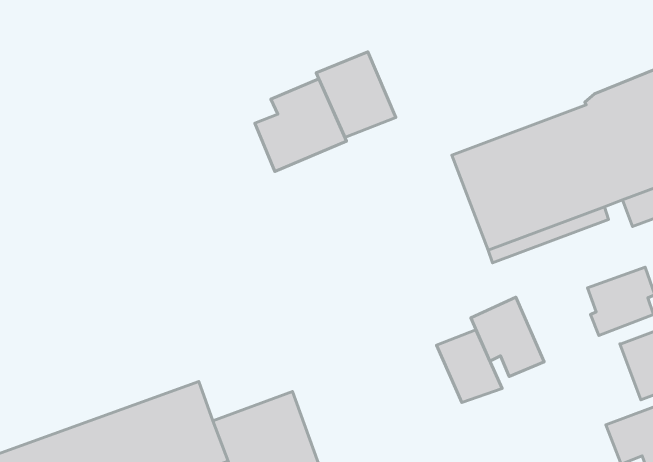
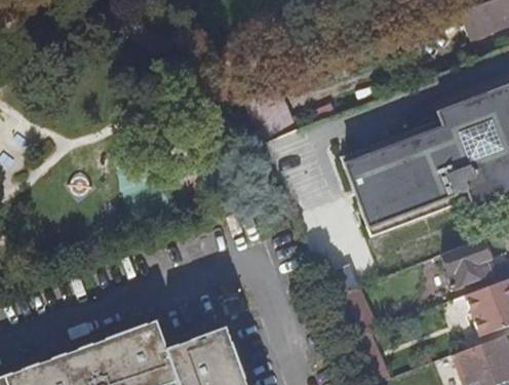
building: [255,79,347,172] -> none
building: [471,297,544,376] -> none

